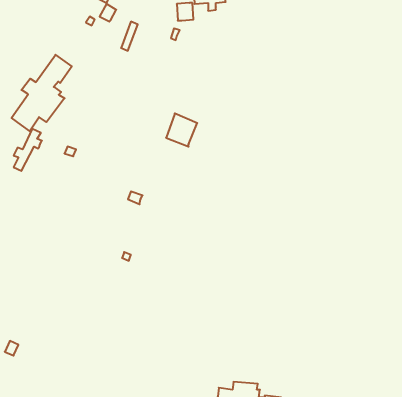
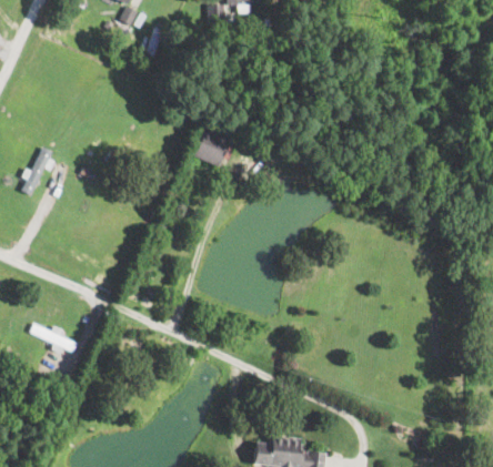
building: [12,55,72,131] -> none
building: none -> [29,324,76,354]

